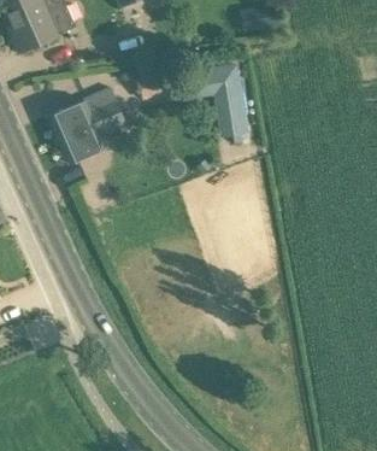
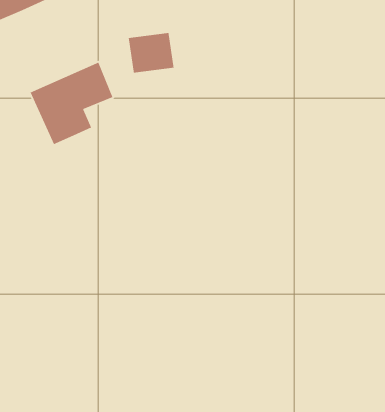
building: [201,64,247,135] -> none

